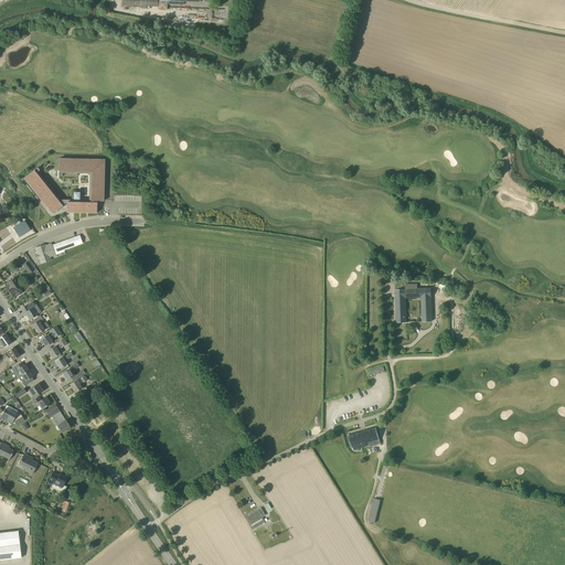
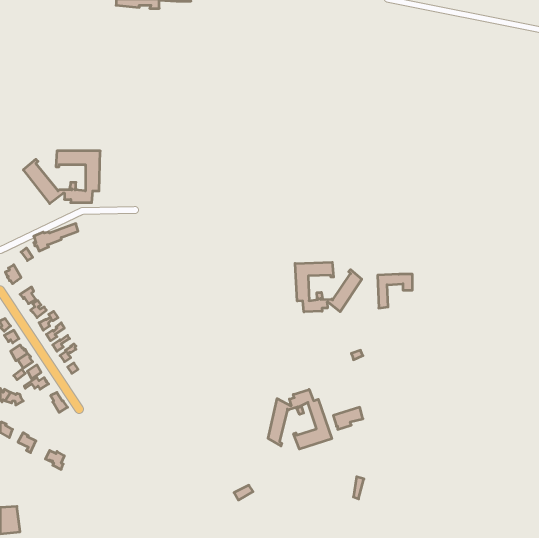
building: none -> [295,262,362,312]
building: none -> [268,389,332,449]

